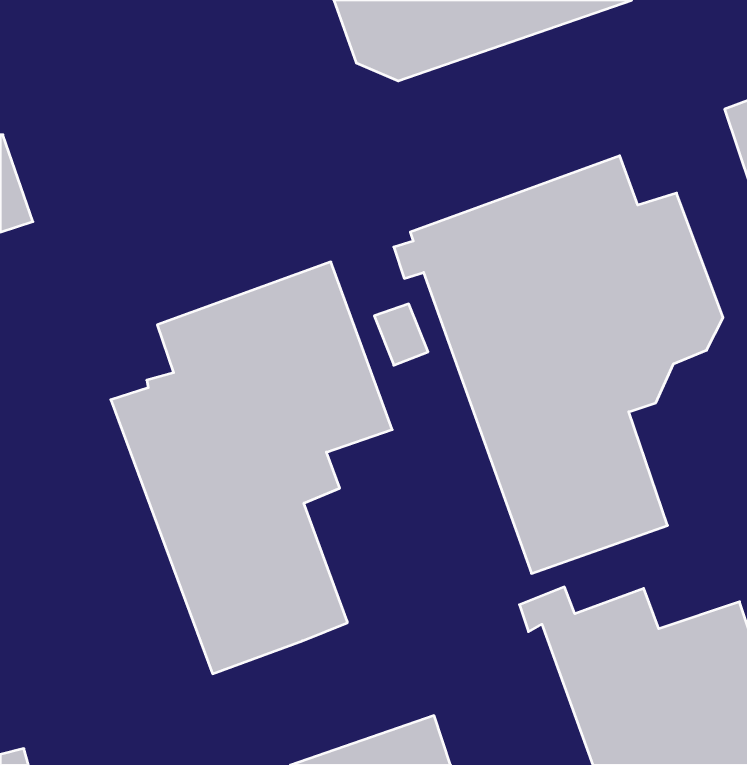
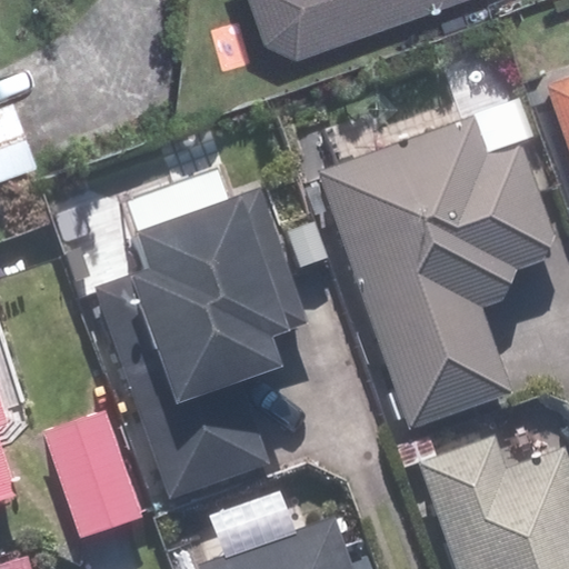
building: none -> [47,410,143,537]

